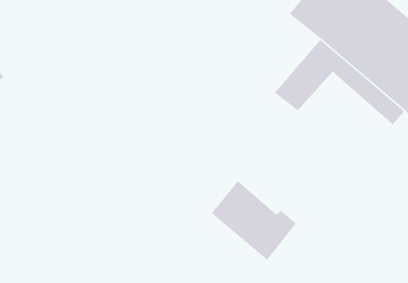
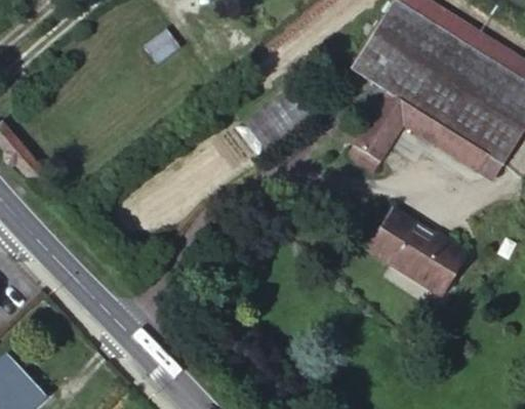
building: [211,180,297,261] -> [372,211,468,294]

